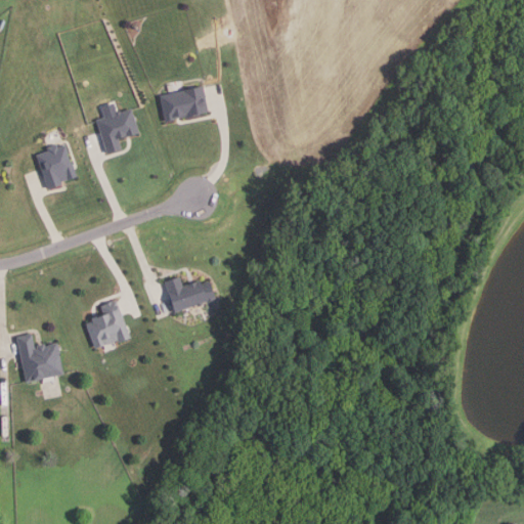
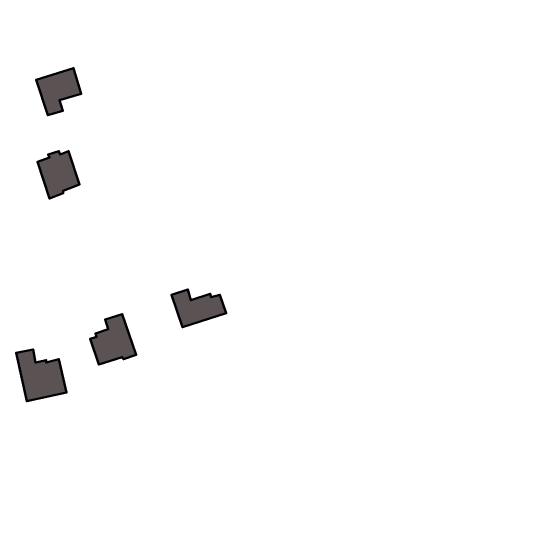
building: [159,87,208,123] -> none
building: [95,108,138,154] -> [36,68,81,115]

